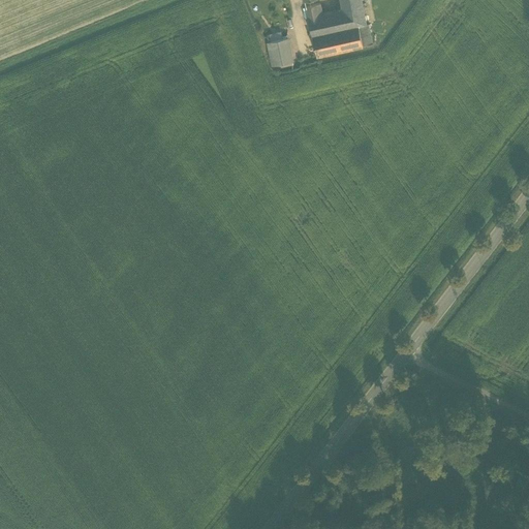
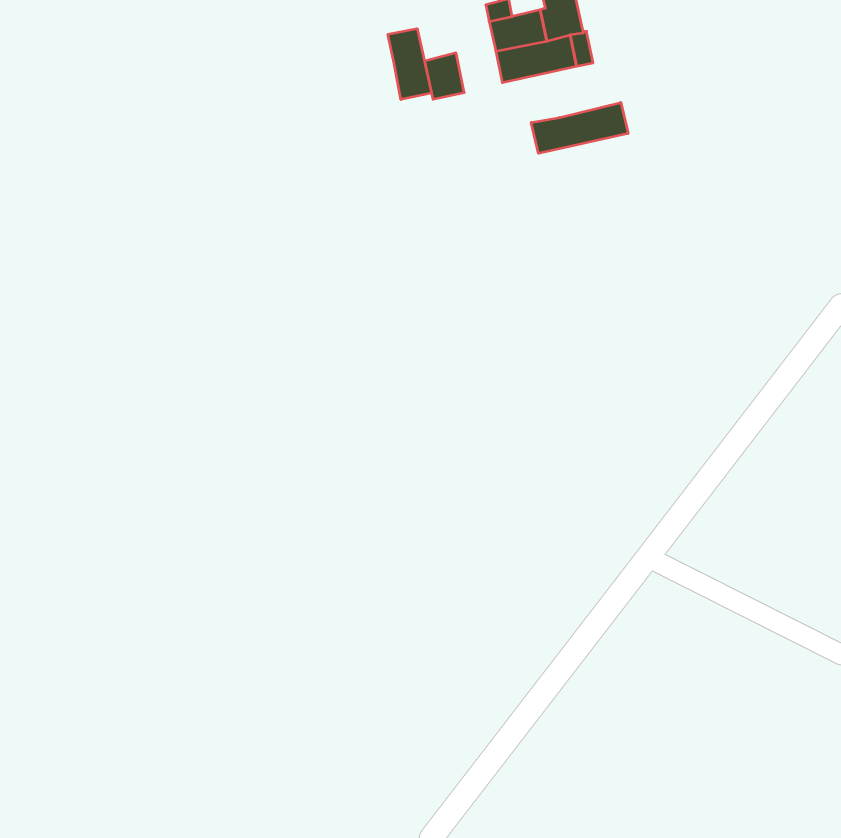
building: none -> [388,29,432,100]
building: none -> [531,102,628,153]

